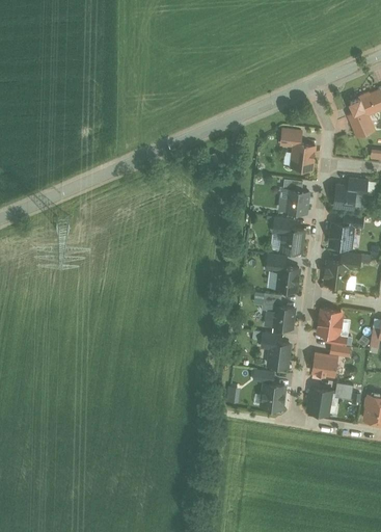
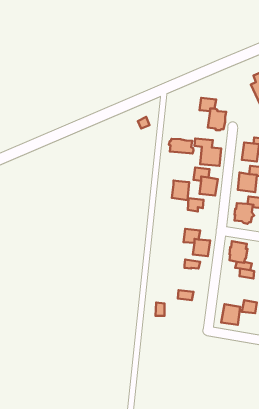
building: none -> [169,139,193,154]
building: [276,266,298,291] -> [172,180,189,200]
building: [268,342,289,367] -> none
building: [311,353,336,375] -> none
building: [261,383,283,408] -> none

